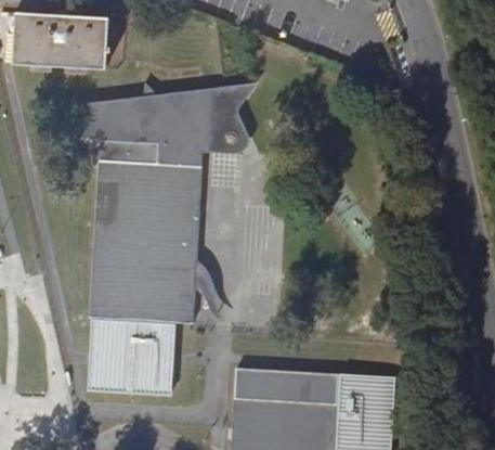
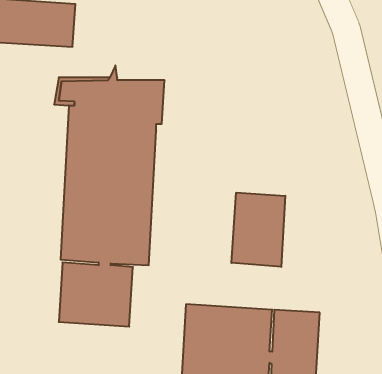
building: [156,101,265,166] -> none
building: none -> [231,193,285,267]

